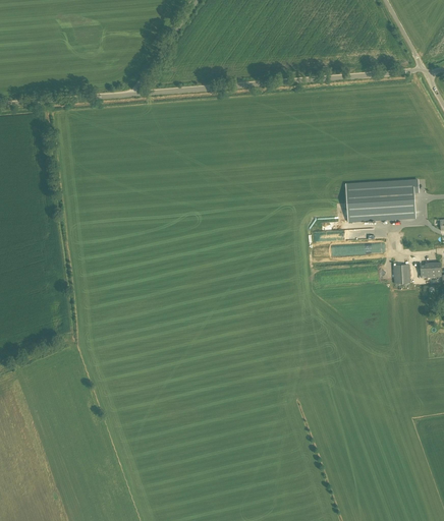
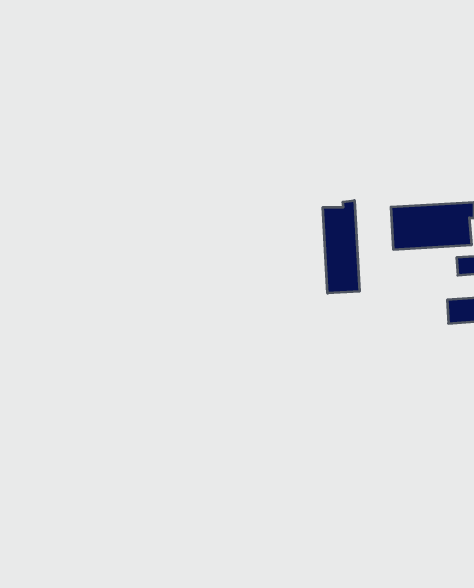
building: none -> [323,200,359,293]

